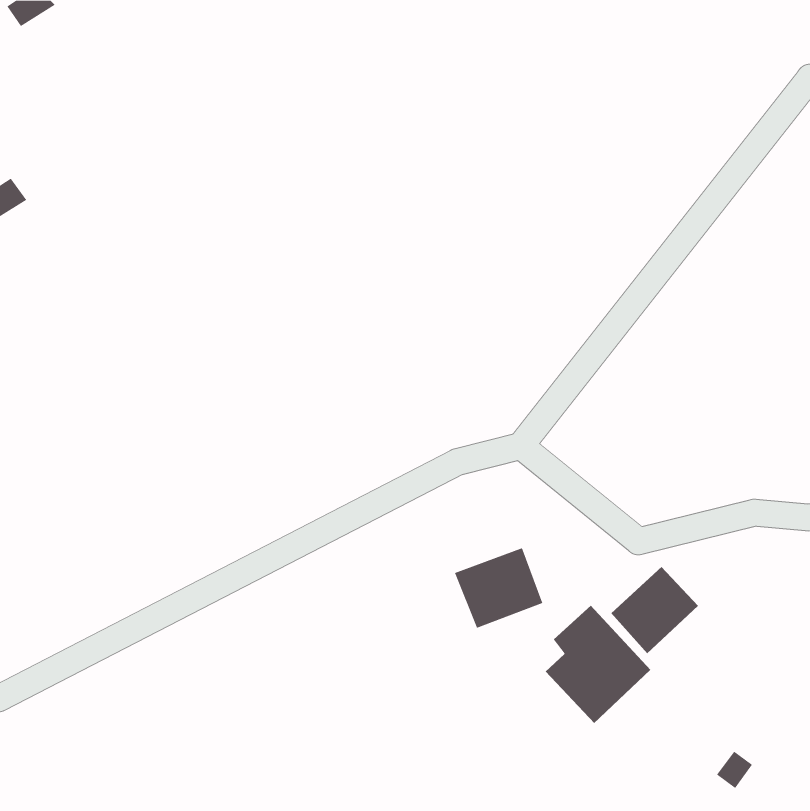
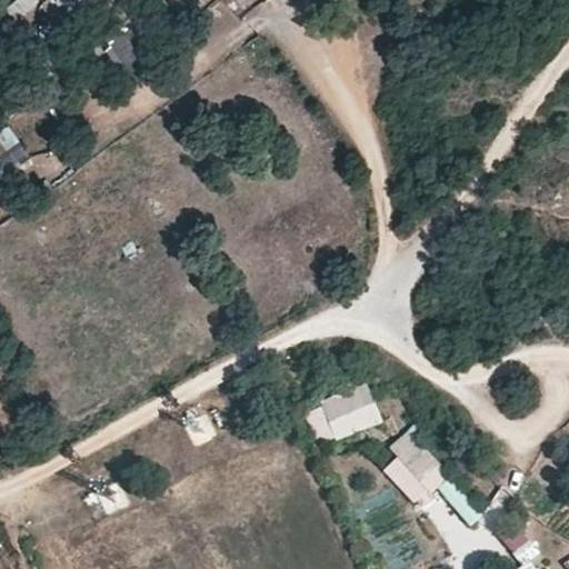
building: [611,566,699,654] -> none

